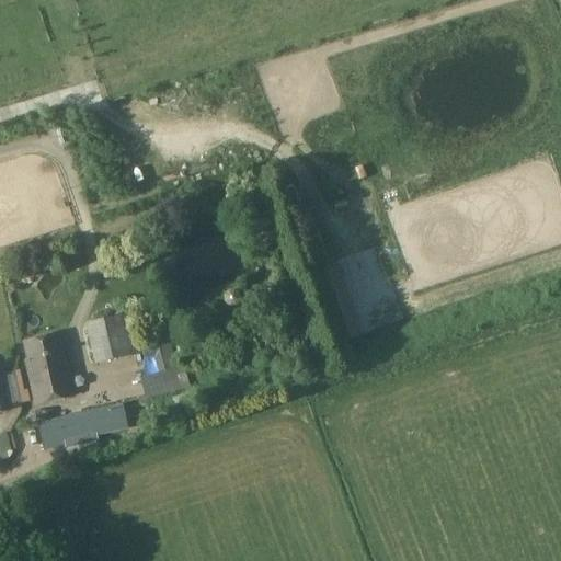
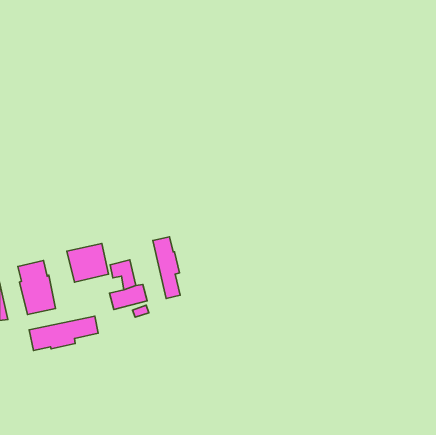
building: none -> [153,237,180,298]

